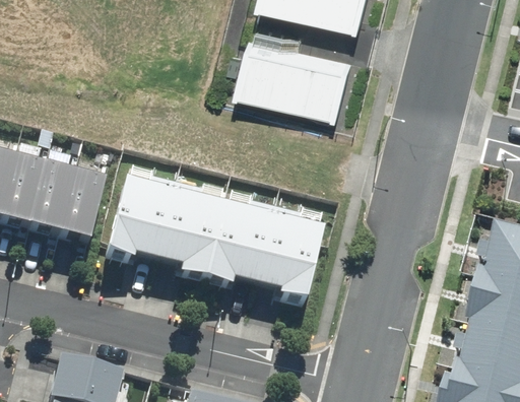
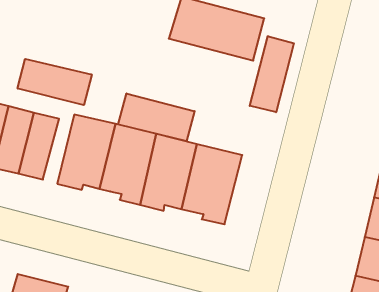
building: none -> [250,36,294,112]
building: none -> [18,59,92,105]
building: none -> [118,93,195,141]

